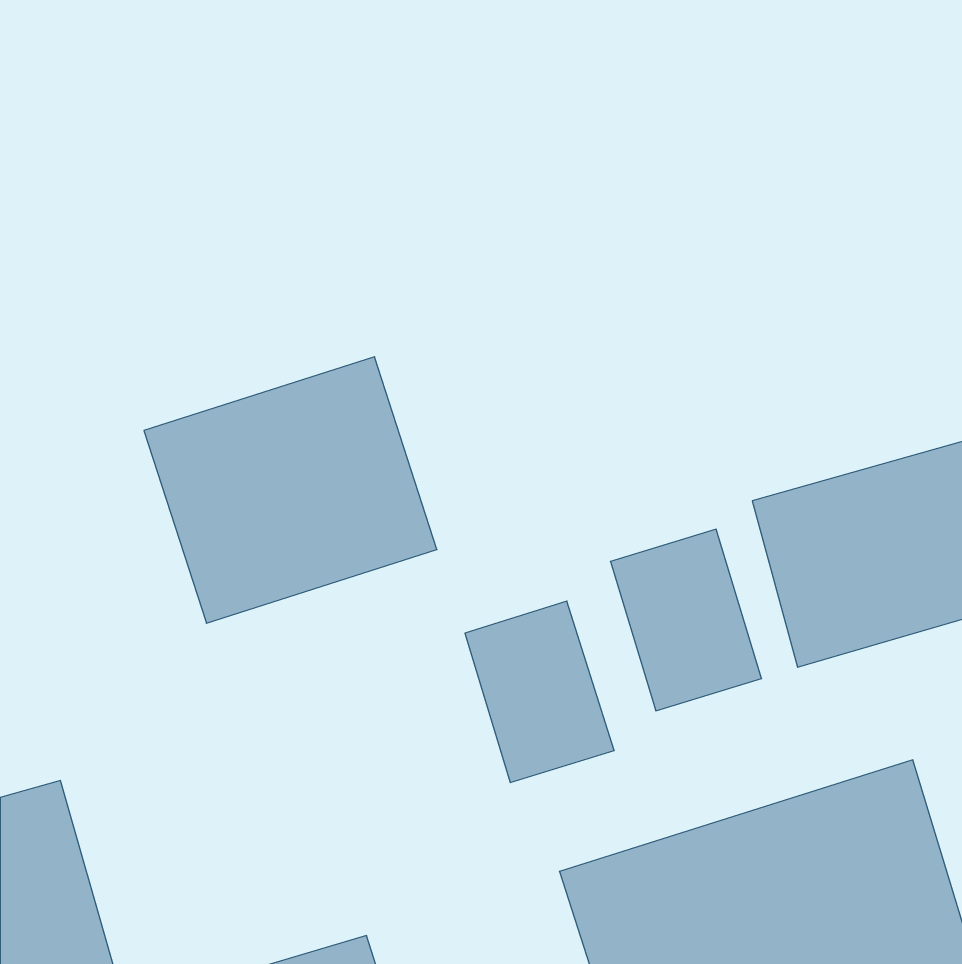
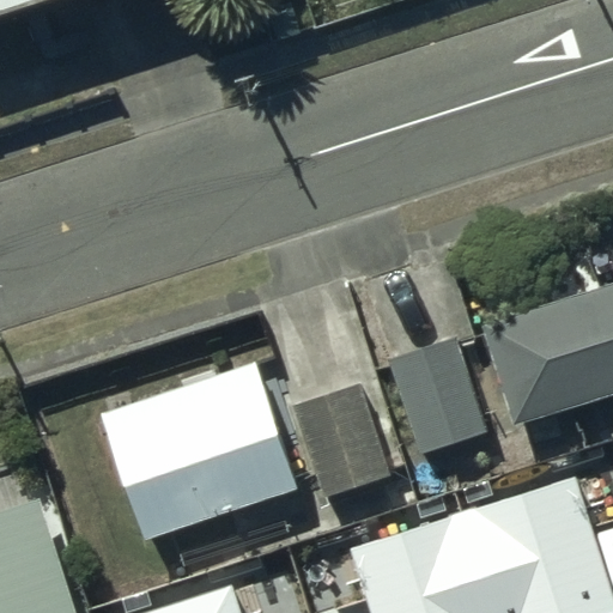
building: [144,357,437,623] -> [102,368,287,536]

